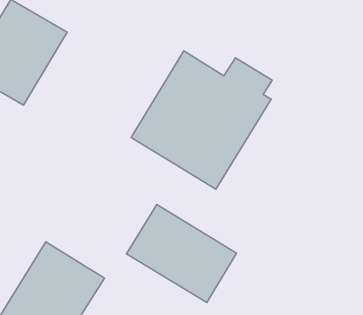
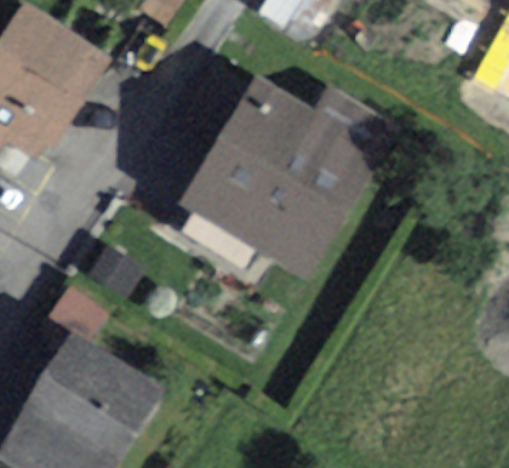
building: [126,204,237,302] -> none

